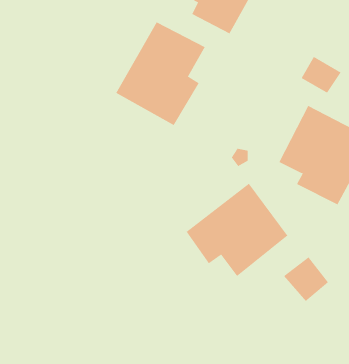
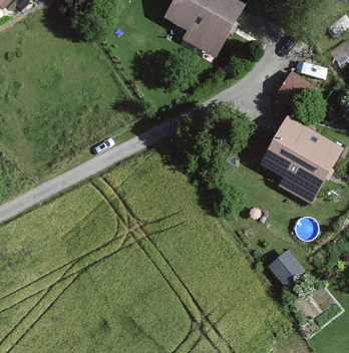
building: [115,22,205,126] -> none
building: [186,183,288,277] -> none

